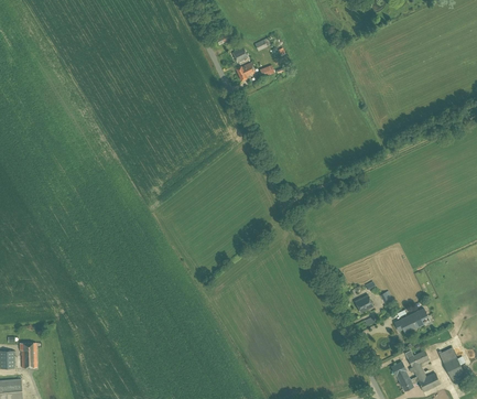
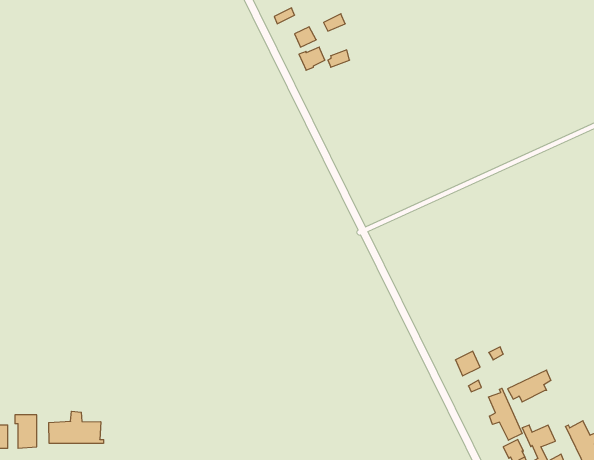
building: none -> [489,388,522,440]
building: none -> [49,411,104,443]

